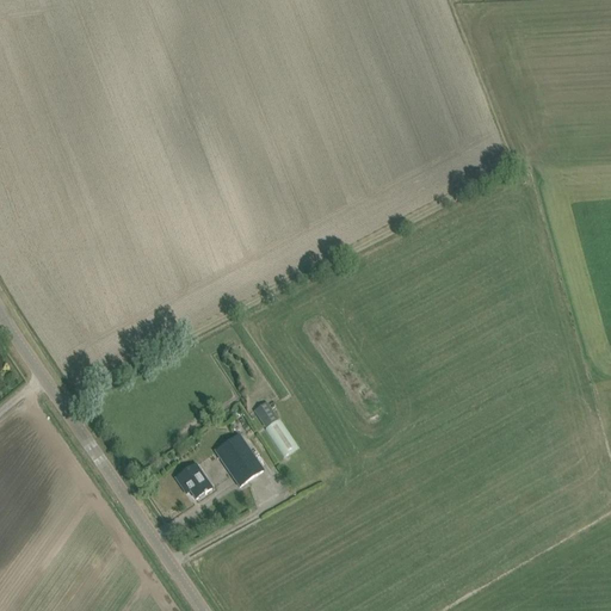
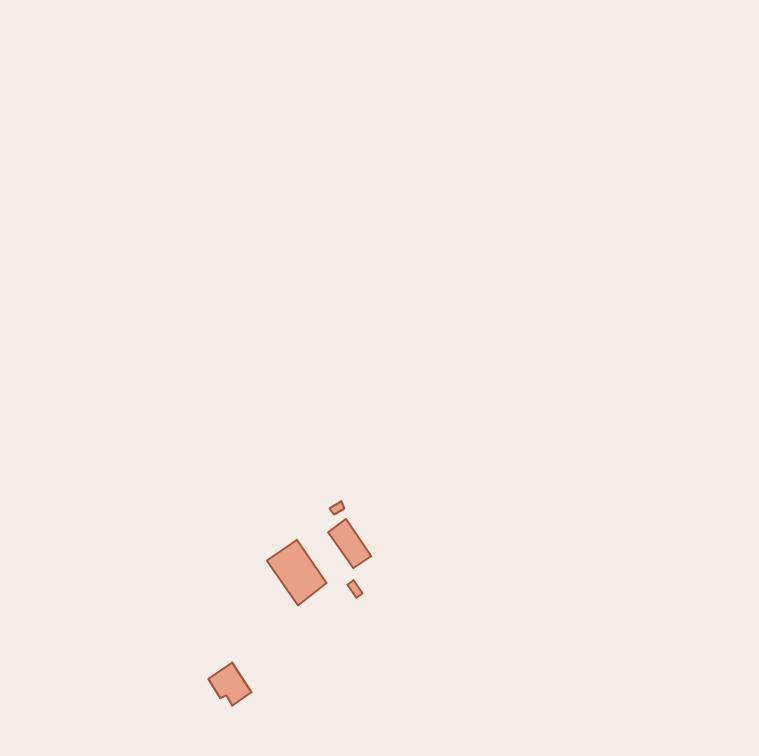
building: [174,462,209,496] -> [208,662,252,706]

